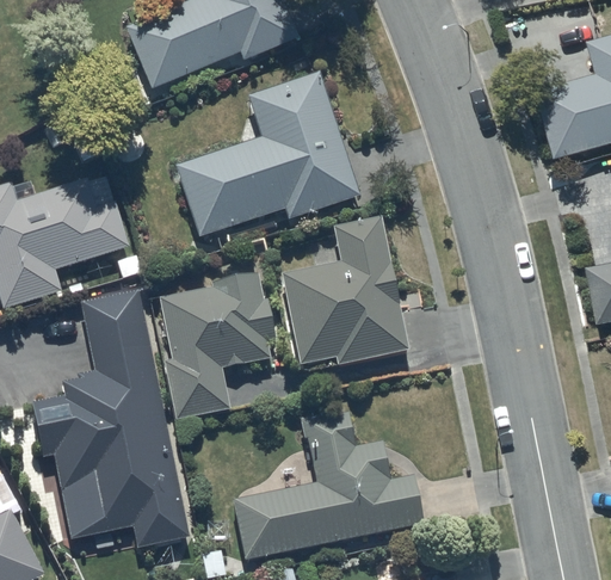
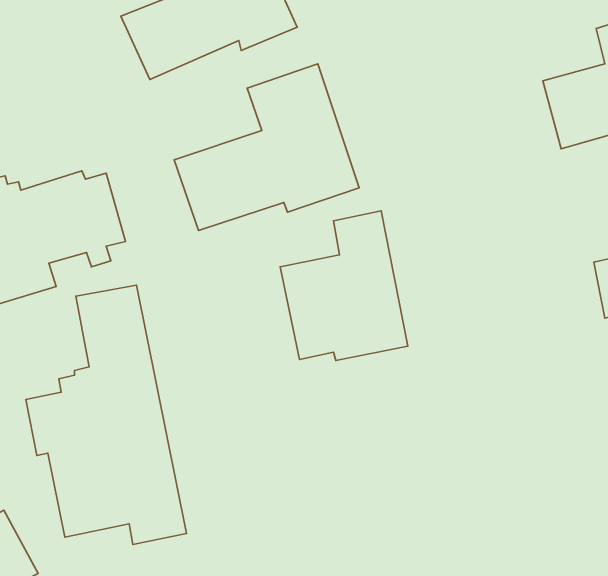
building: [159,272,276,420] -> none
building: [233,409,424,560] -> none

